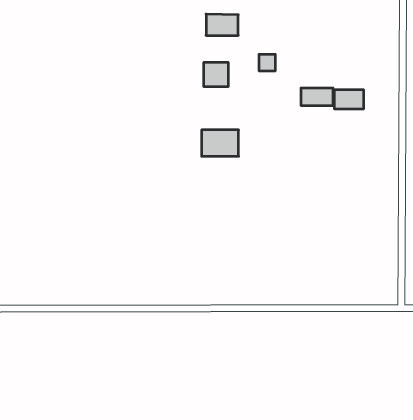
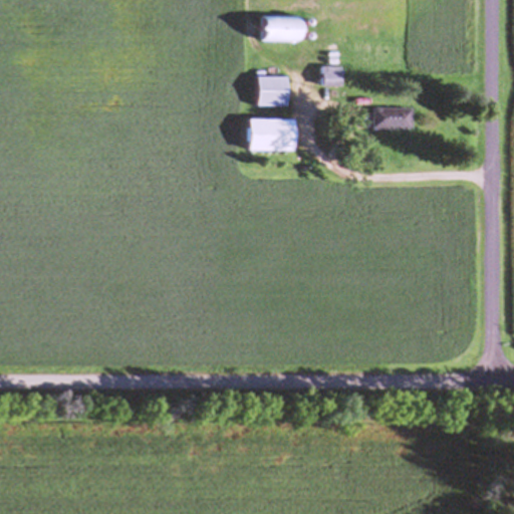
building: [335,90,363,109] -> none
building: [202,130,239,156] -> [249,118,294,151]

